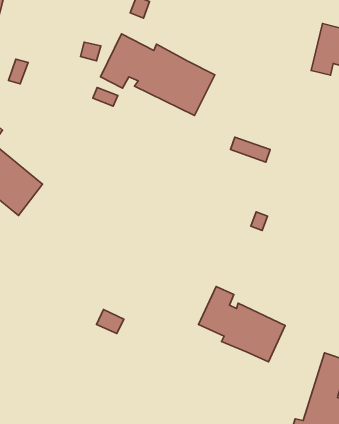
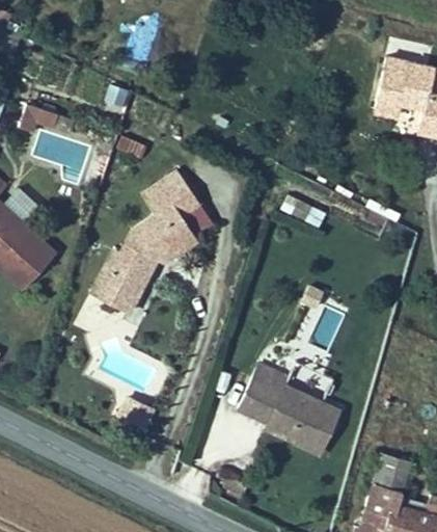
building: [100,34,215,116] -> none
building: none -> [91,167,198,309]

